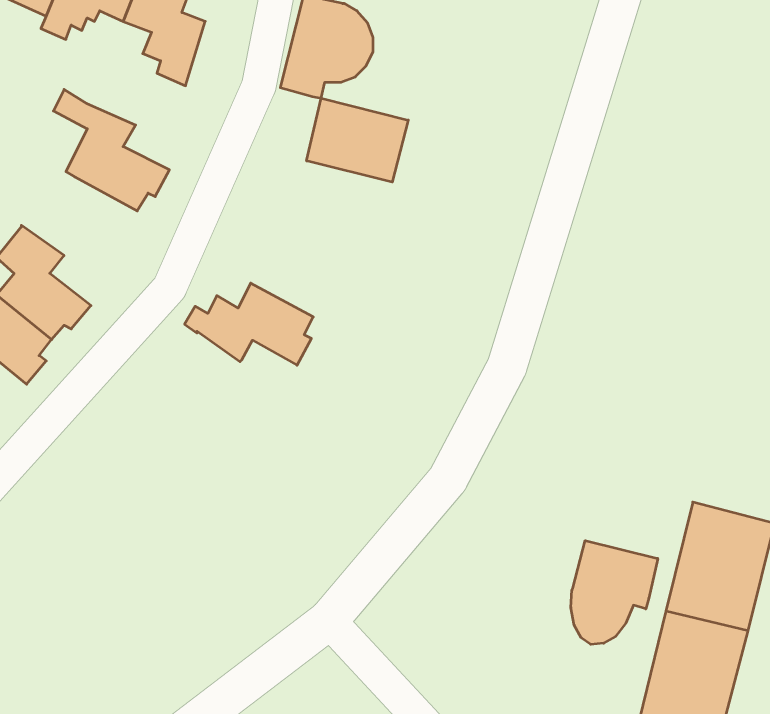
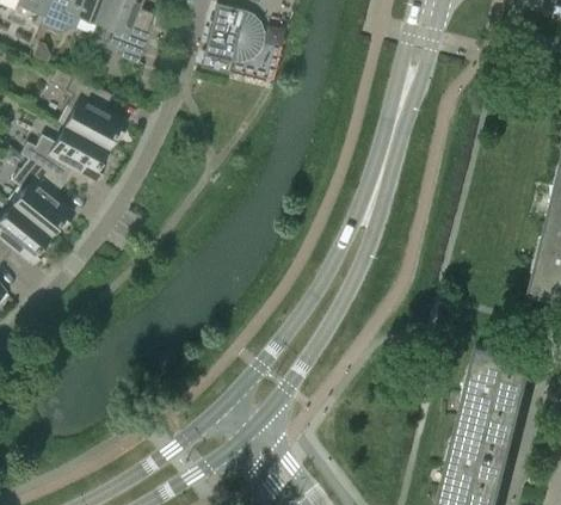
building: [307,98,408,182] -> none
building: [185,283,313,365] -> [19,127,105,181]
building: [571,541,658,644] -> none

